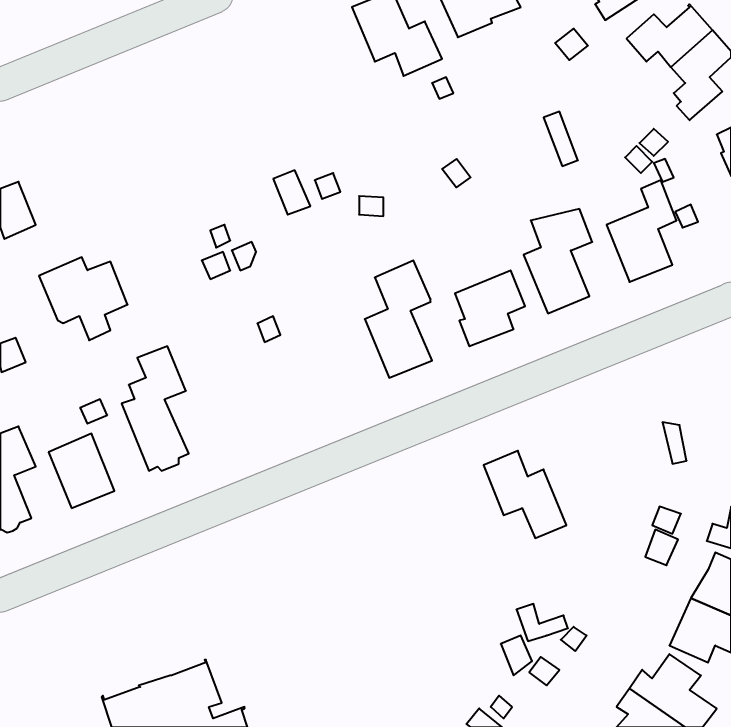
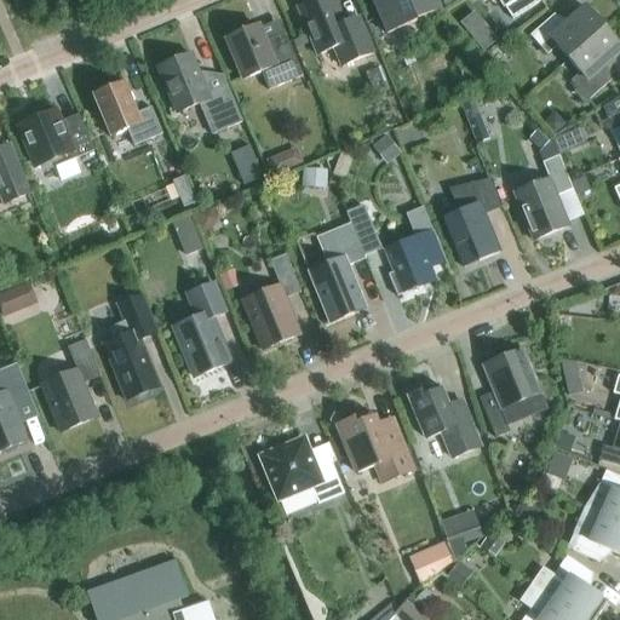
building: none -> [226,23,303,87]
building: none -> [157,51,242,132]
building: none -> [92,80,162,143]
building: none -> [346,202,381,253]
building: [39,257,128,340] -> [18,108,93,178]
building: none -> [242,252,300,348]
building: none -> [173,281,230,375]
building: none -> [480,346,547,435]
building: none -> [337,409,413,481]
building: none -> [259,437,344,501]

